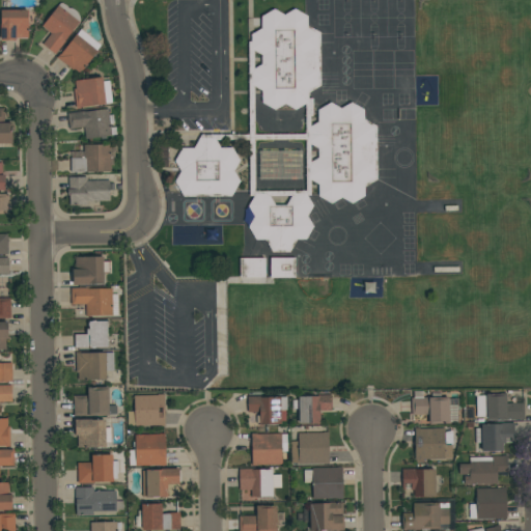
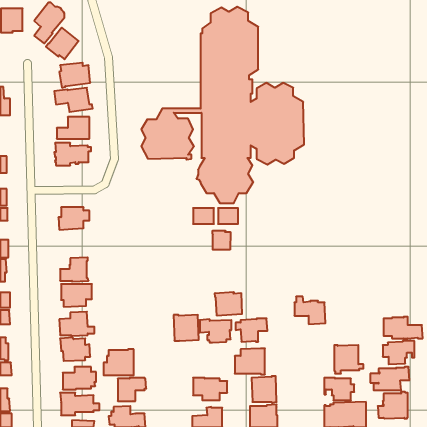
building: none -> [212,231,230,250]
building: [71,288,118,316] -> none
building: none -> [215,292,242,316]
building: [412,391,450,425] -> [294,297,325,324]
building: [128,394,165,426] -> none
building: [251,434,282,466] -> [174,315,199,341]

